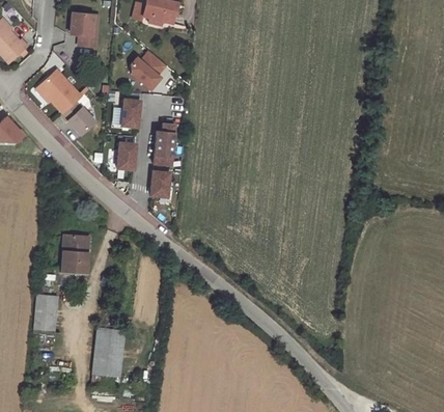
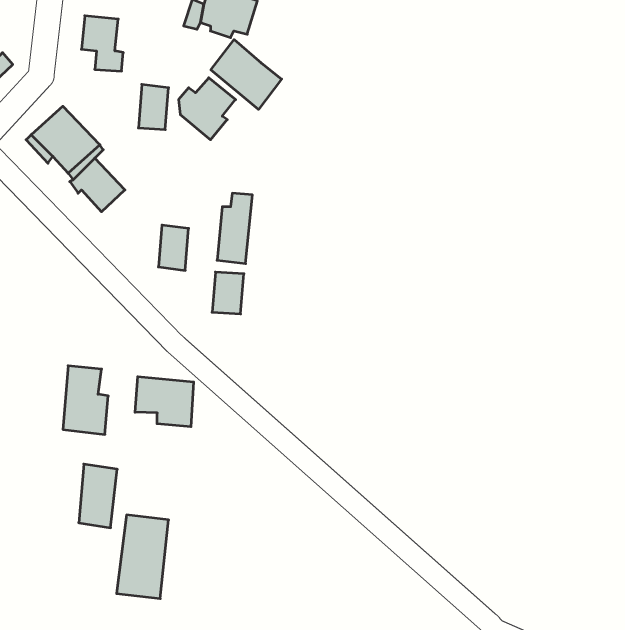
building: none -> [211,40,282,109]
building: [122,100,141,128] -> [138,84,169,130]
building: none -> [135,377,194,427]
building: [33,290,57,329] -> [79,464,117,528]

